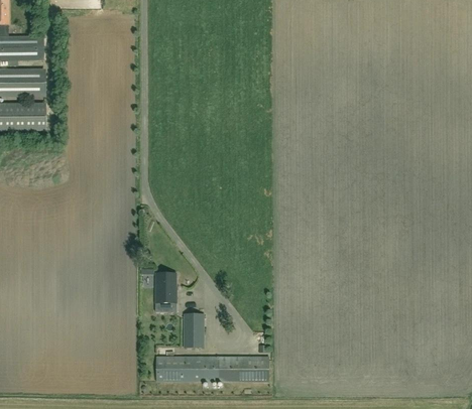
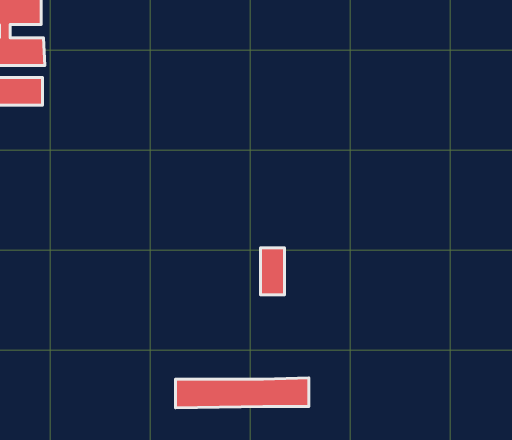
building: [155,271,175,310] -> [261,248,285,295]
building: [183,313,203,346] -> none

